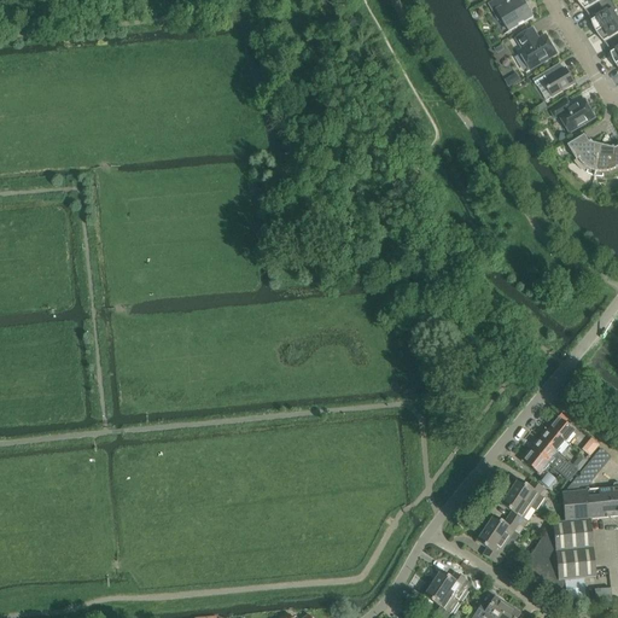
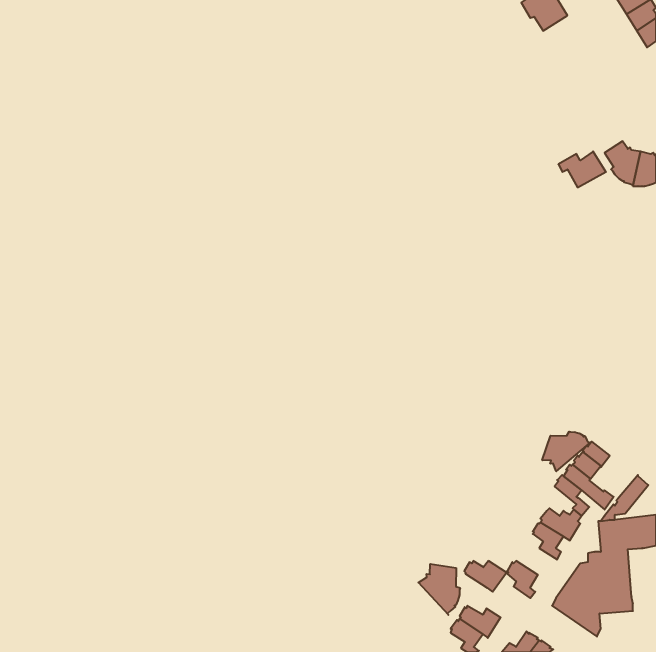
building: [517,27,558,68] -> none
building: [536,63,576,94] -> none
building: [552,97,596,130] -> [558,151,606,187]
building: none -> [542,432,590,471]
building: [484,515,524,544] -> [464,561,507,592]
building: none -> [418,564,460,615]

